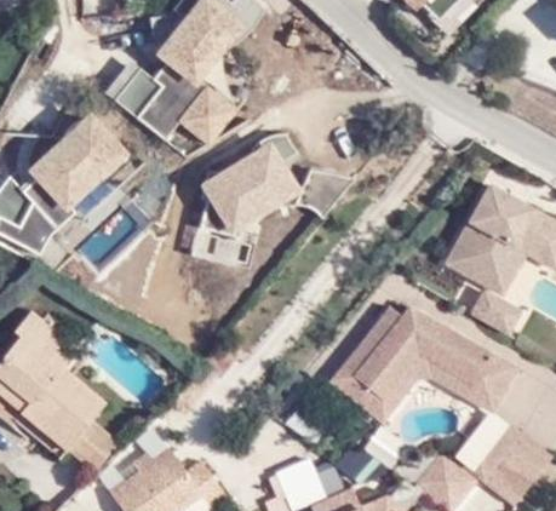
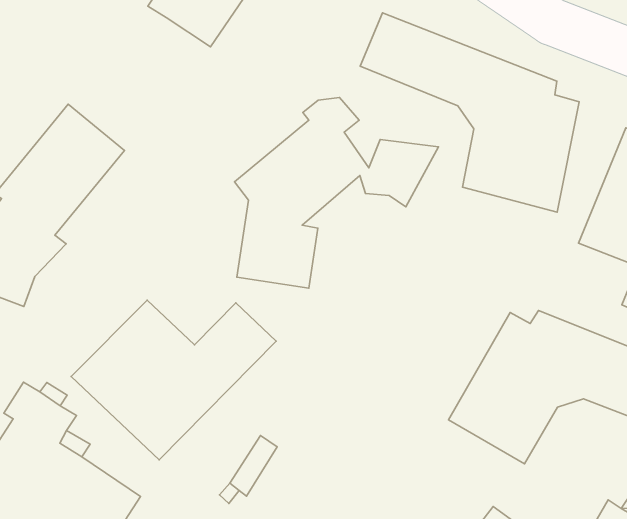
building: [109,61,239,149] -> none
building: none -> [360,13,579,212]
building: none -> [71,300,276,460]

